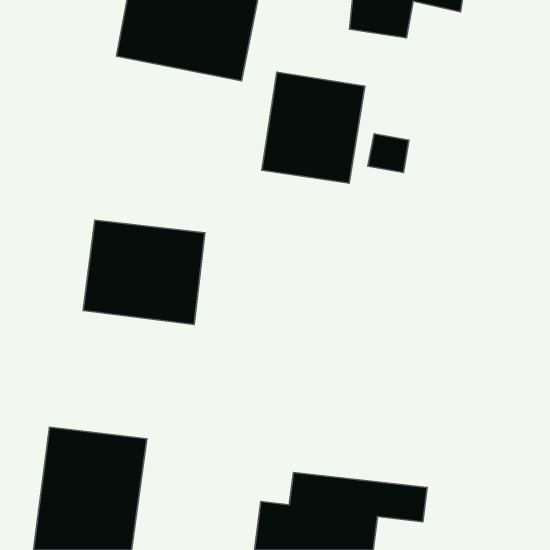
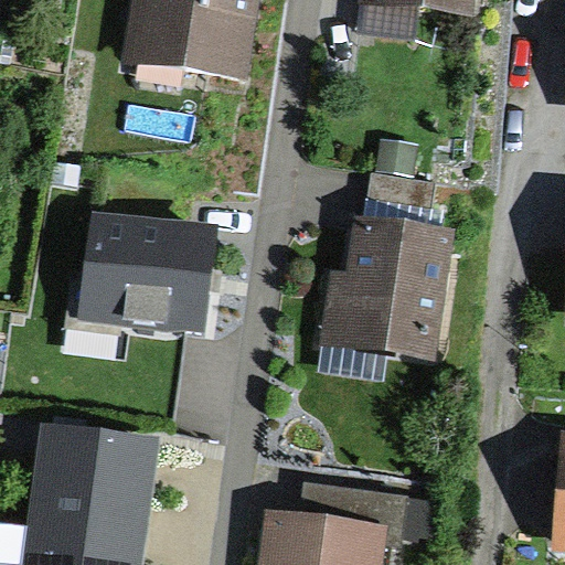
building: [262,72,365,183] -> none
building: none -> [319,173,455,362]

